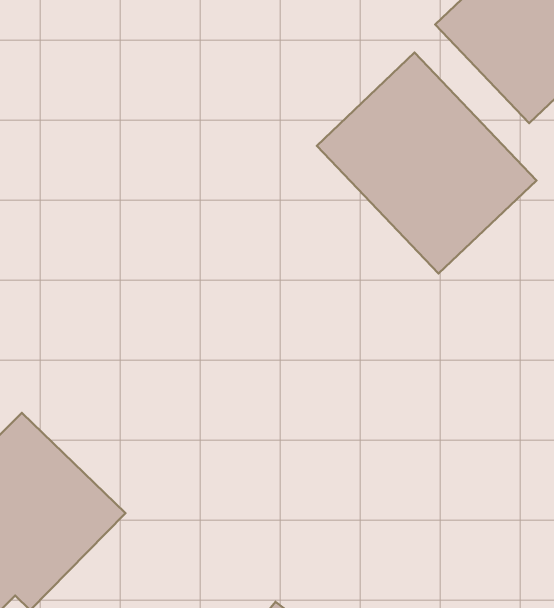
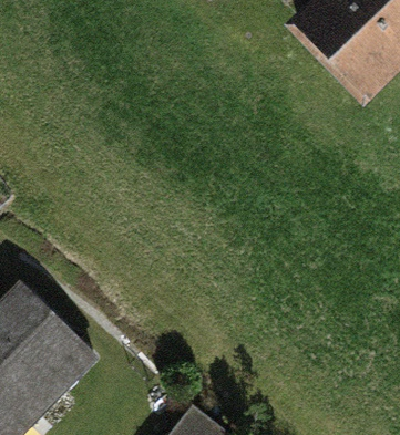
building: [317,53,536,274] -> none

